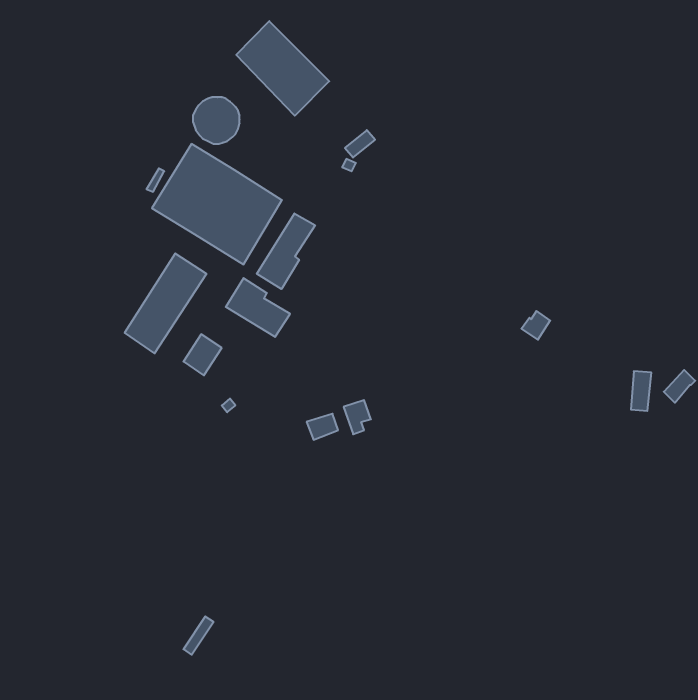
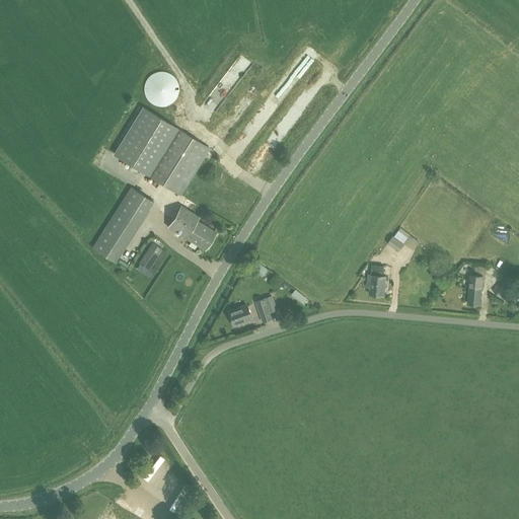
building: [236,21,329,116] -> none
building: [257,213,315,289] -> none
building: none -> [366,264,385,295]

